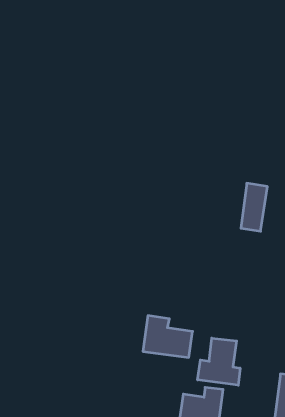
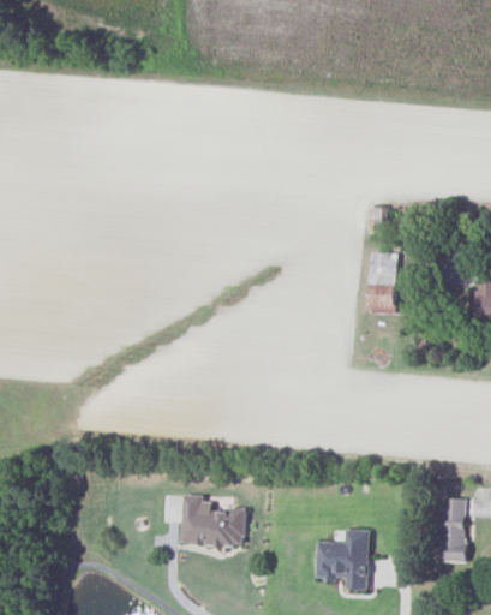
building: [143,316,193,357] -> [182,495,245,544]
building: [198,338,240,385] -> none

